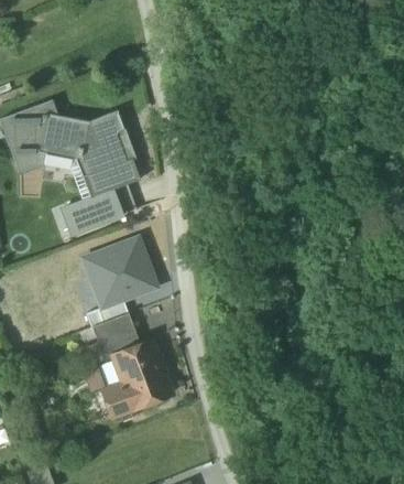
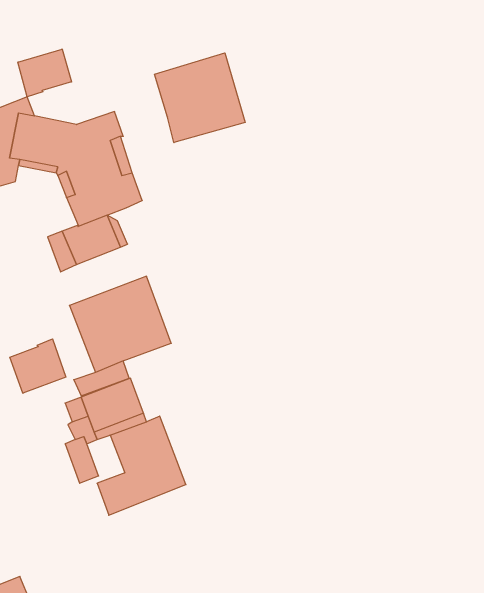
building: none -> [18,49,72,97]
building: none -> [154,53,245,143]
building: none -> [10,339,66,393]

